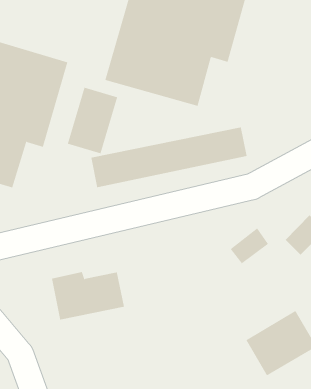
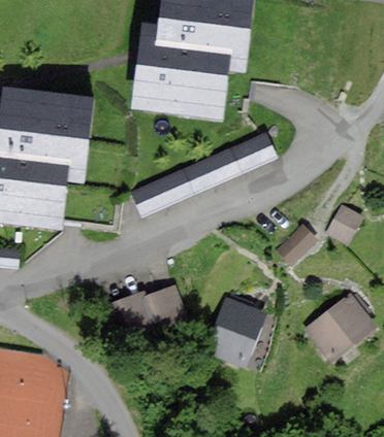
building: [67,87,118,154] -> none
building: none -> [212,301,263,362]

